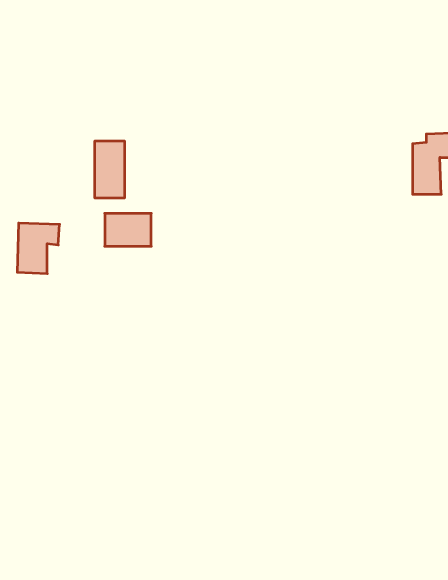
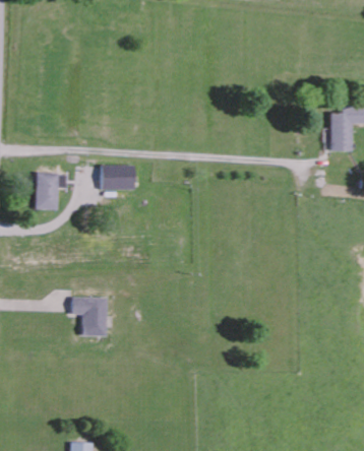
building: [95,141,124,198] -> none
building: none -> [71,297,107,336]

